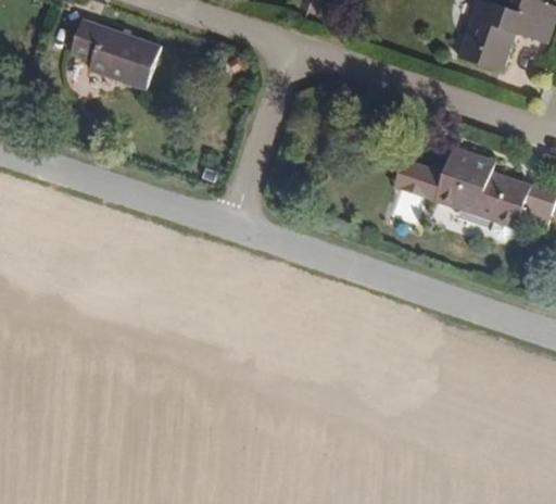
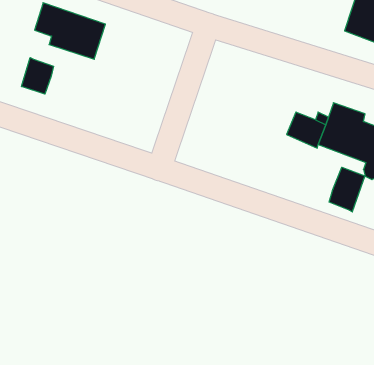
building: none -> [22,58,54,94]
building: none -> [329,167,365,212]

